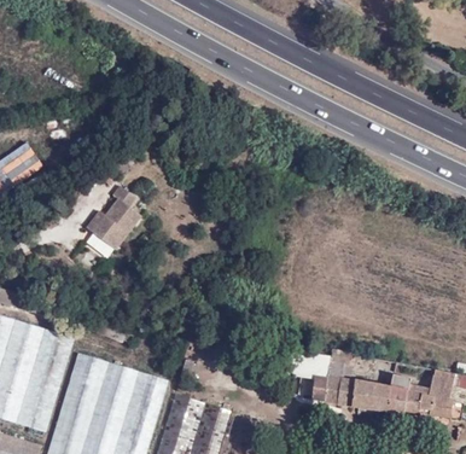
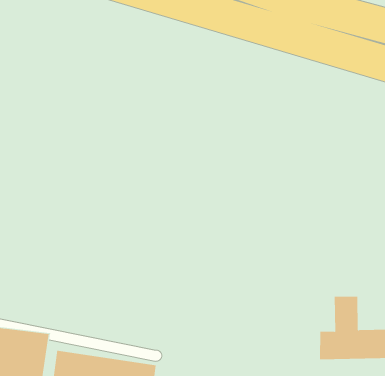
building: [86,187,144,251] -> none

